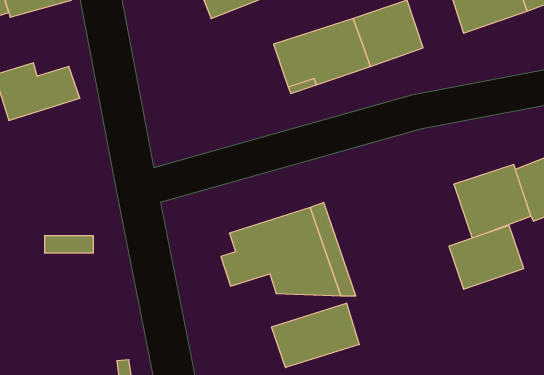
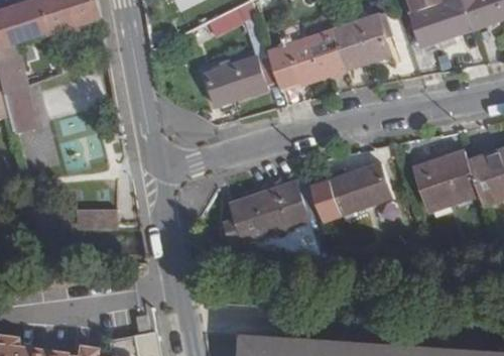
building: none -> [203,58,264,108]
building: [449,225,524,289] -> [328,165,389,218]
building: [272,303,359,368] -> none

